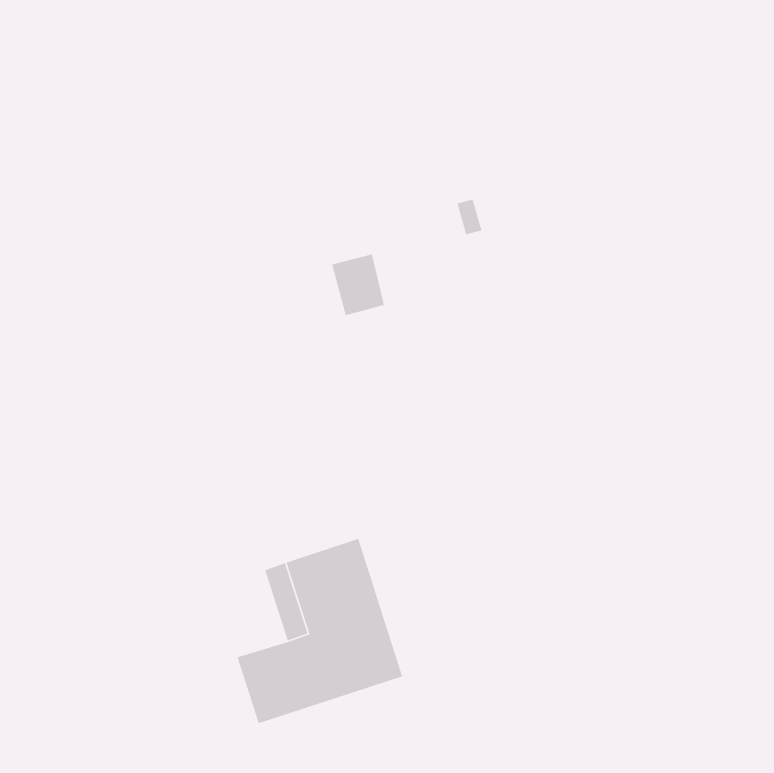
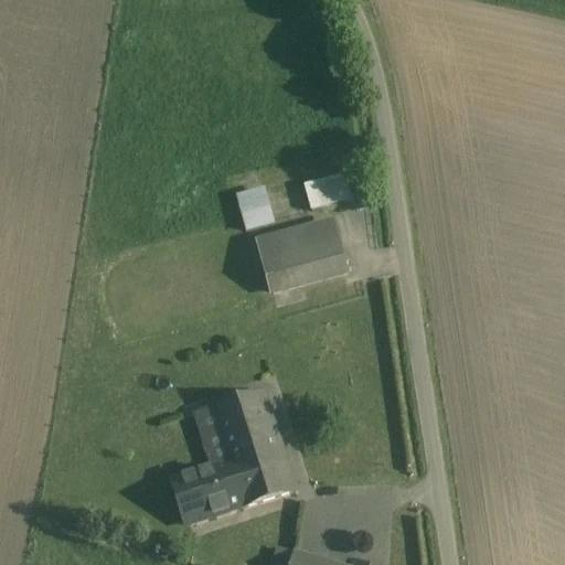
building: none -> [307,171,354,205]
building: none -> [255,220,341,290]

